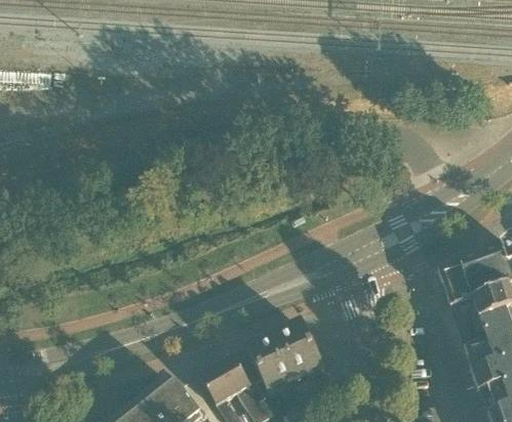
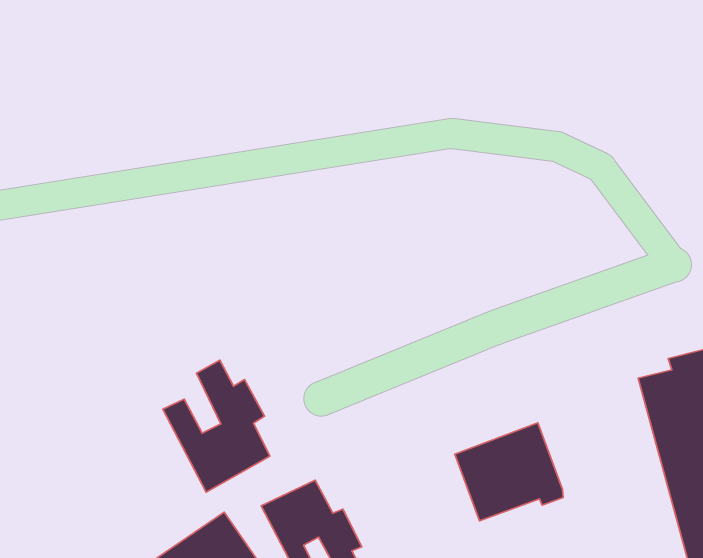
building: none -> [163,360,270,492]
building: [248,318,321,384] -> [455,423,563,521]

